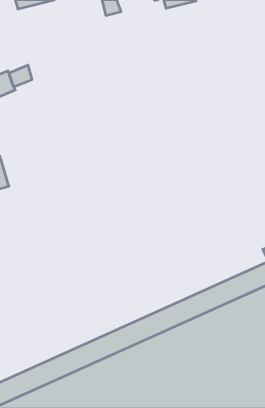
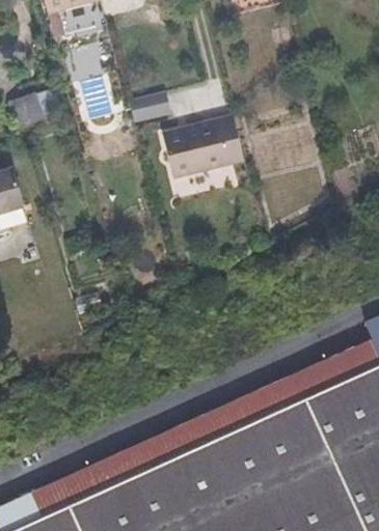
building: none -> [129,90,170,122]
building: none -> [162,116,243,177]

